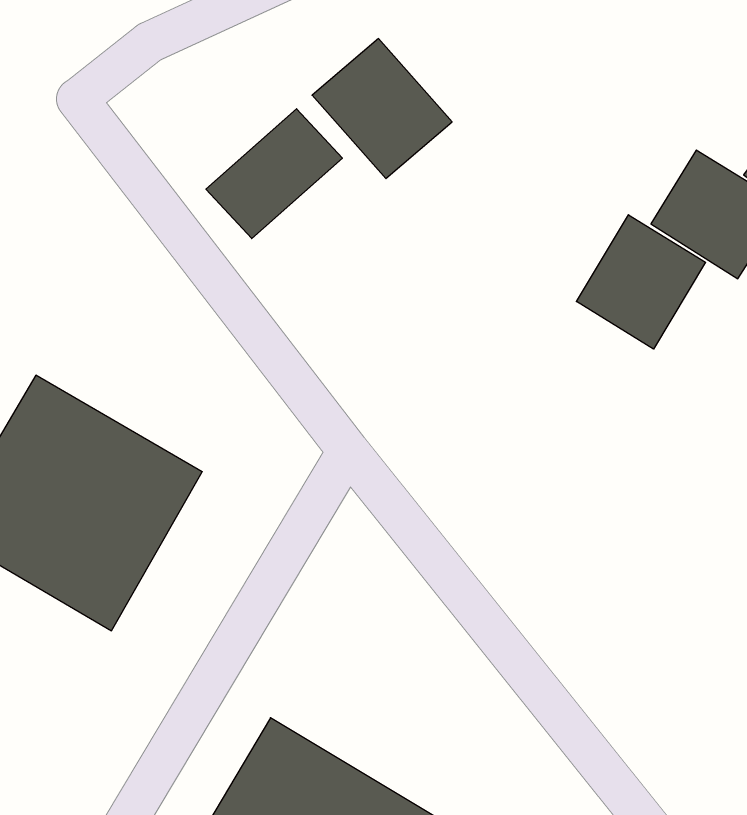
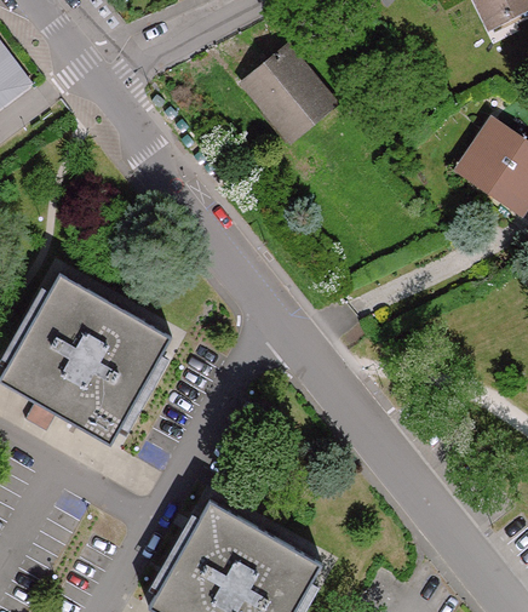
building: [206,109,342,239] -> none
building: [576,215,706,349] -> none

